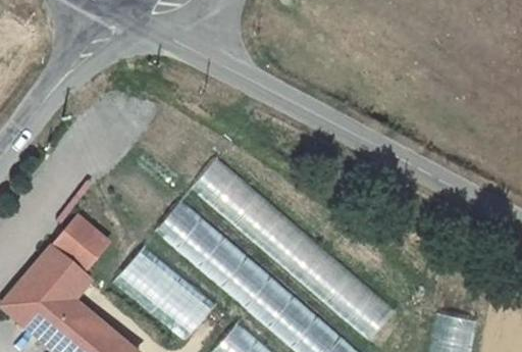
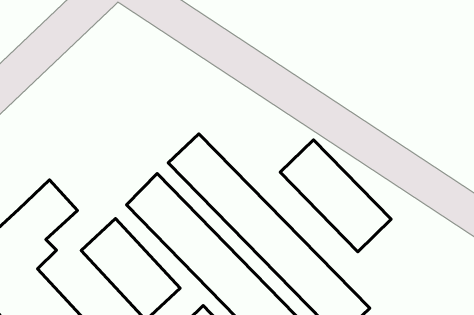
building: none -> [280,140,391,252]

